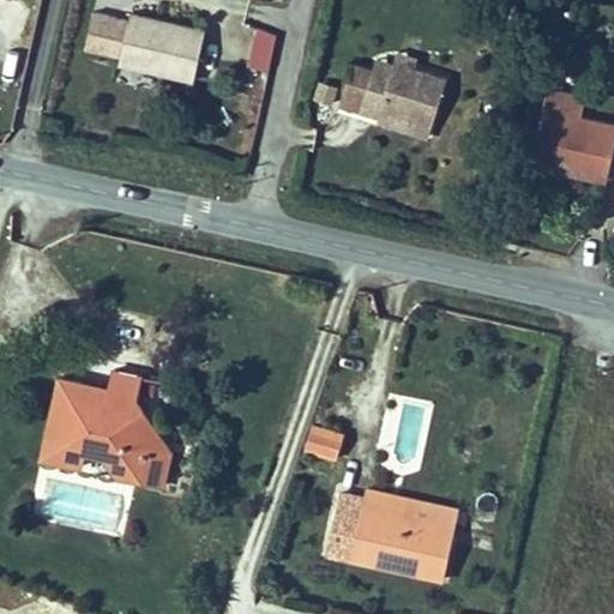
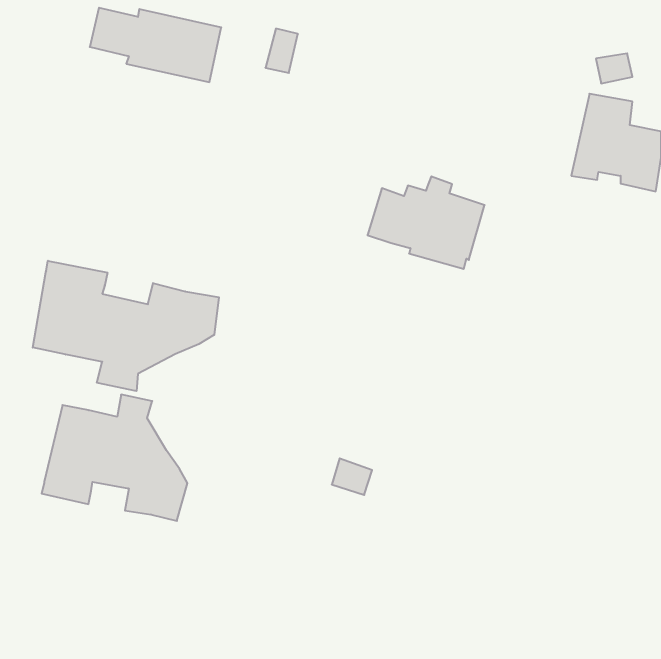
building: [338,52,446,137] -> [367,176,485,269]
building: none -> [33,261,219,391]
building: [326,493,459,584] -> none

